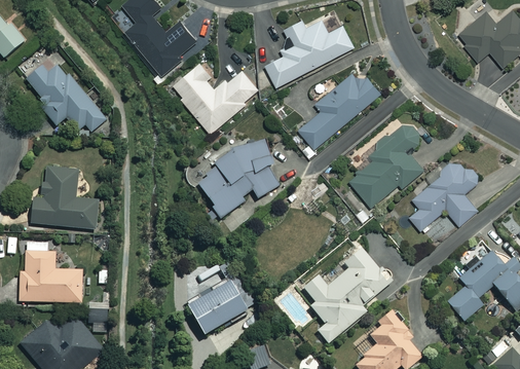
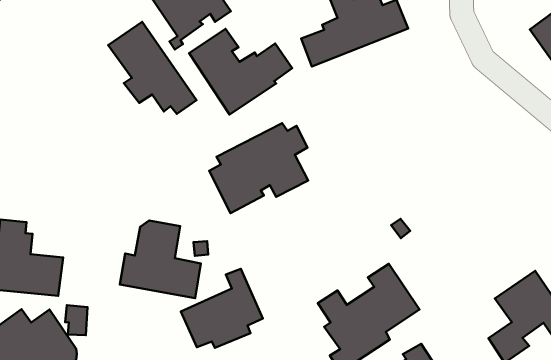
building: [26,58,105,133] -> [108,22,197,114]
building: [299,75,382,159] -> none
building: [348,121,423,207] -> none
building: [407,159,479,230] -> none
building: [31,168,98,229] -> [120,221,201,298]

